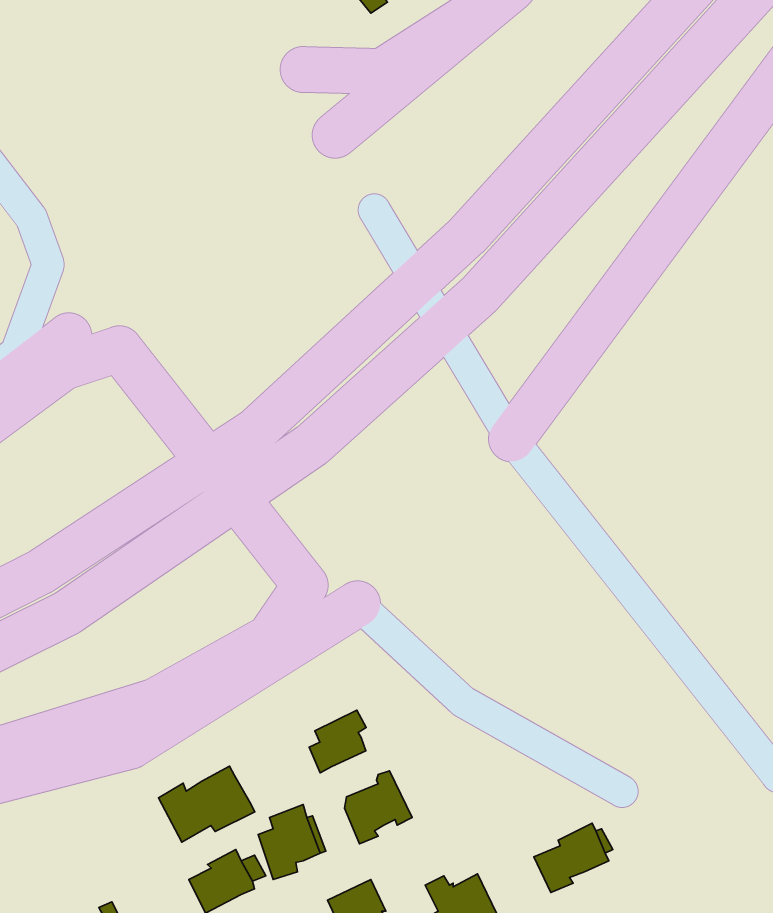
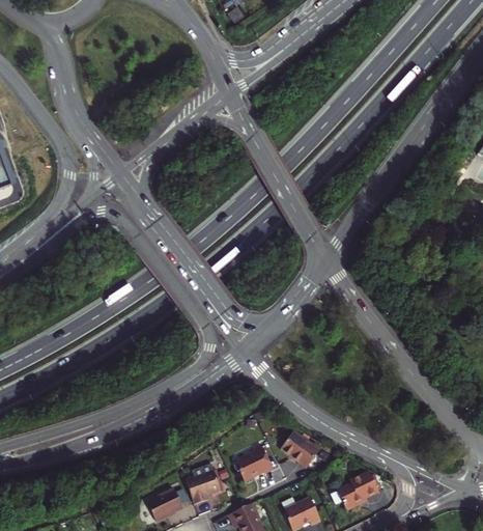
building: [309,710,366,773] -> none
building: none -> [280,432,319,468]
building: [159,766,255,842] -> none

